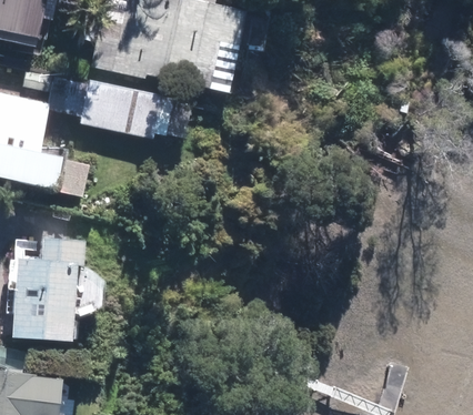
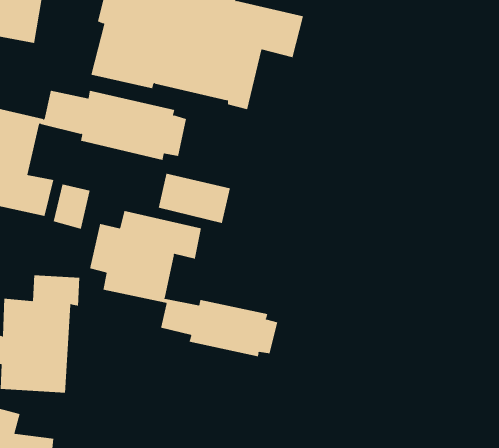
building: none -> [158,173,231,224]
building: none -> [90,210,278,357]

